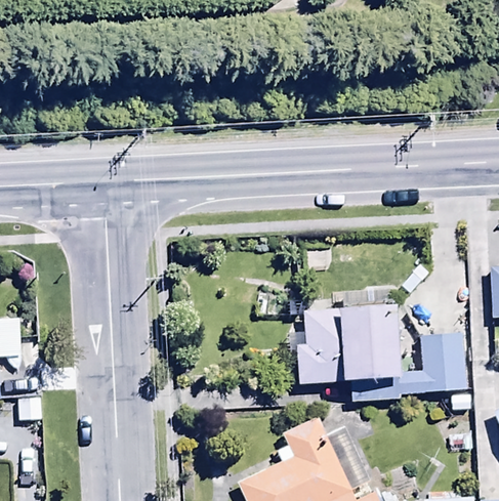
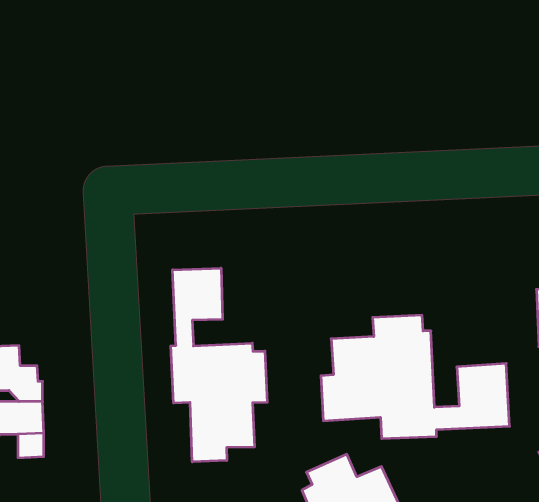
building: none -> [171,268,267,462]

